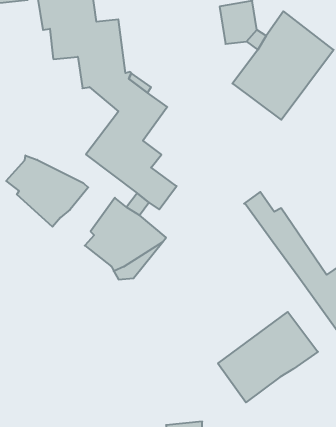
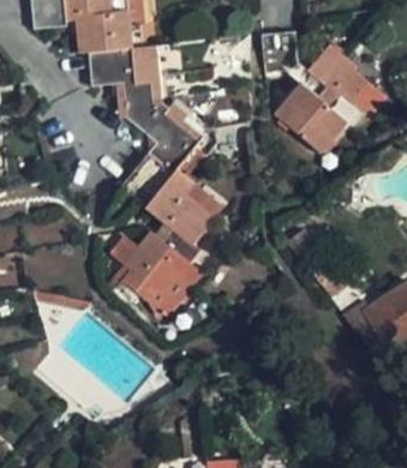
building: [6,155,88,227] -> none
building: [218,312,318,402] -> none

